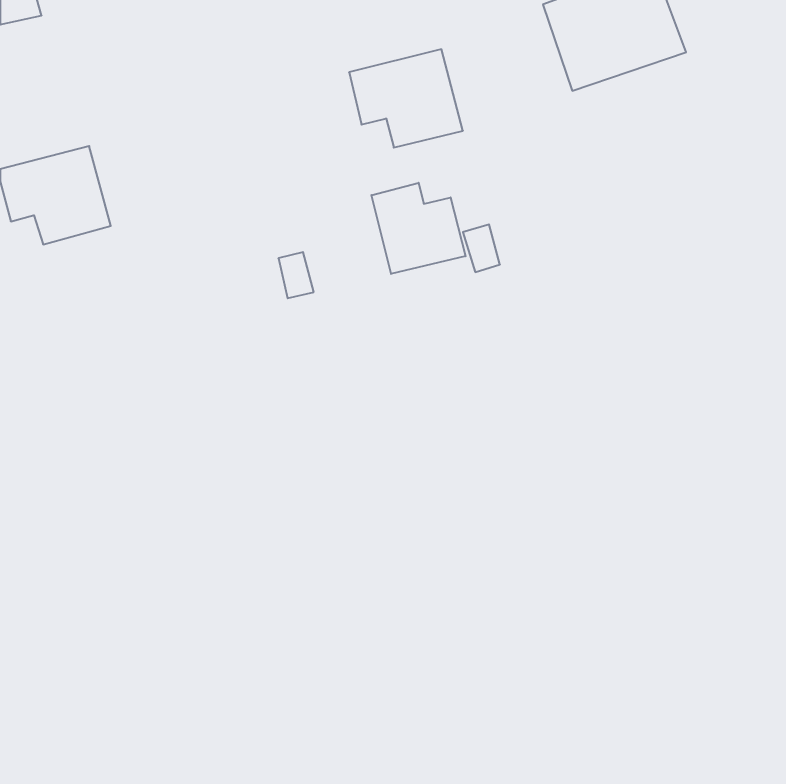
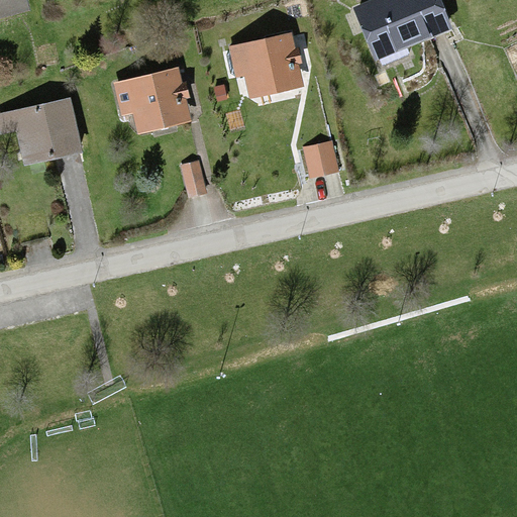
building: none -> [116,67,191,131]
building: [371,183,466,274] -> none

